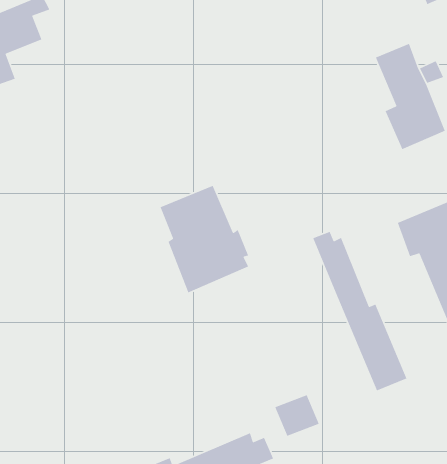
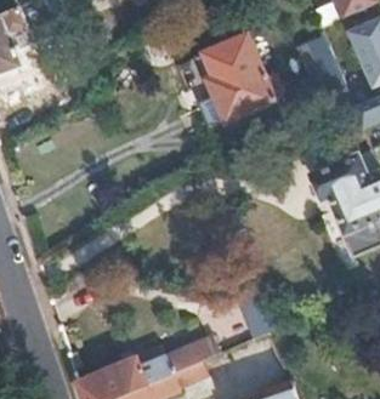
building: [159,185,249,293] -> [208,39,277,122]
building: [312,231,407,391] -> none

